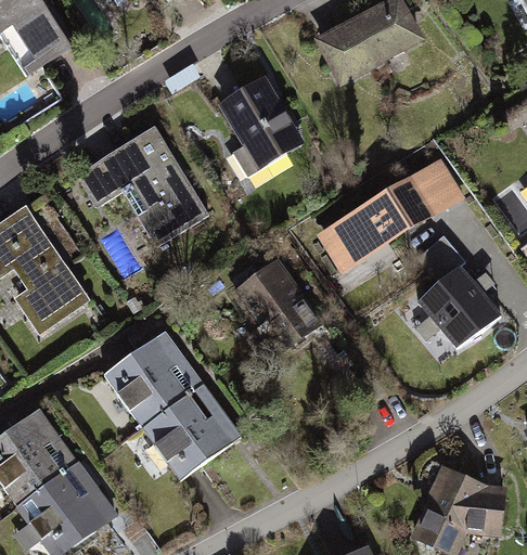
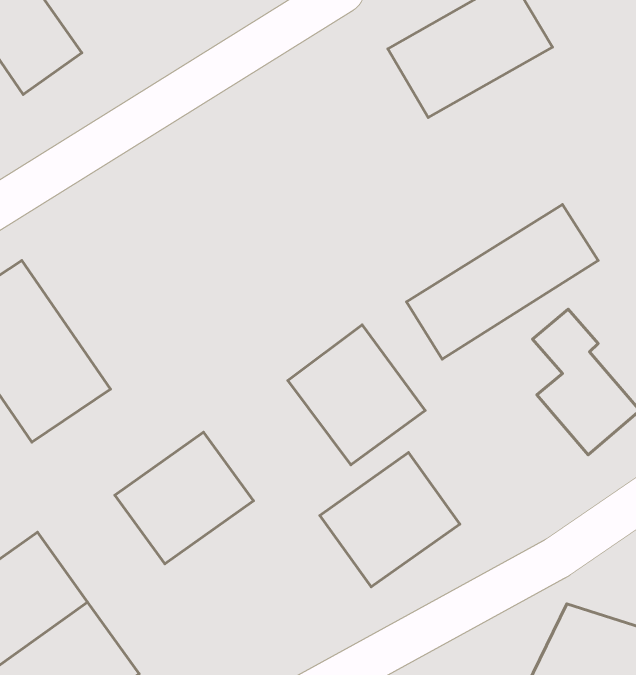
building: [214,65,314,170] -> none
building: [80,125,219,269] -> none
building: [136,383,242,485] -> [320,453,460,587]

